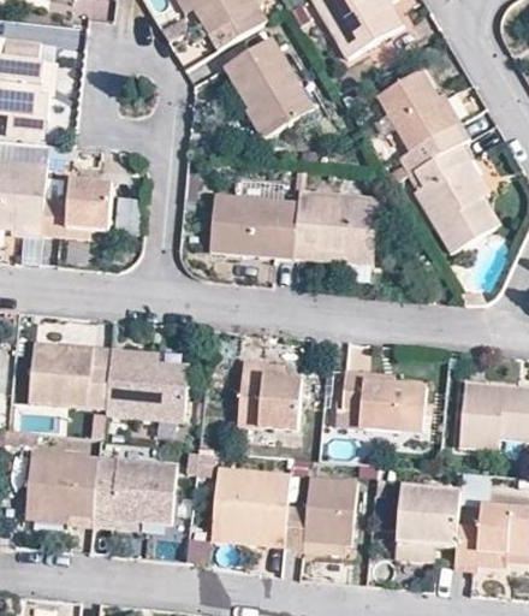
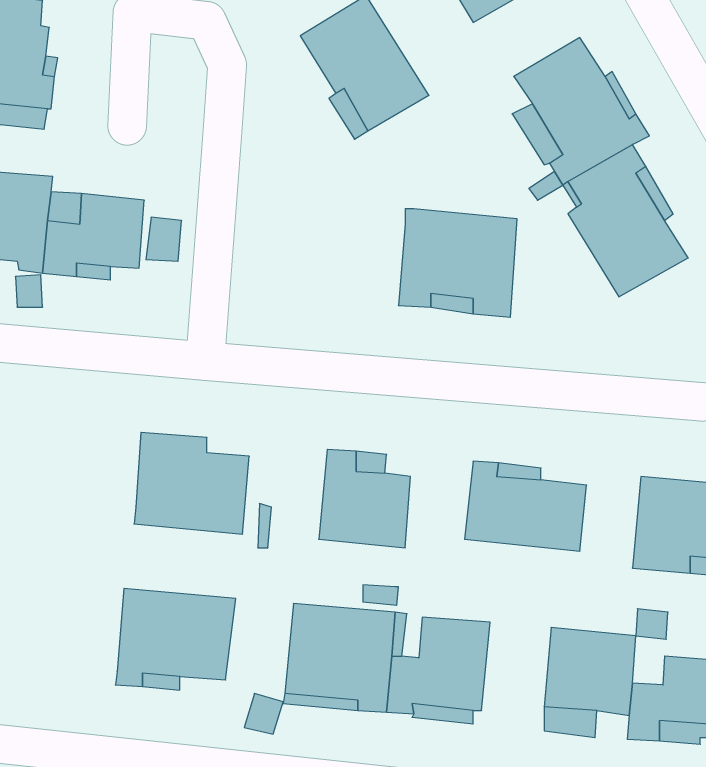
building: [207,192,297,257] -> none
building: [26,340,109,408] -> none
building: [24,452,97,523] -> none

